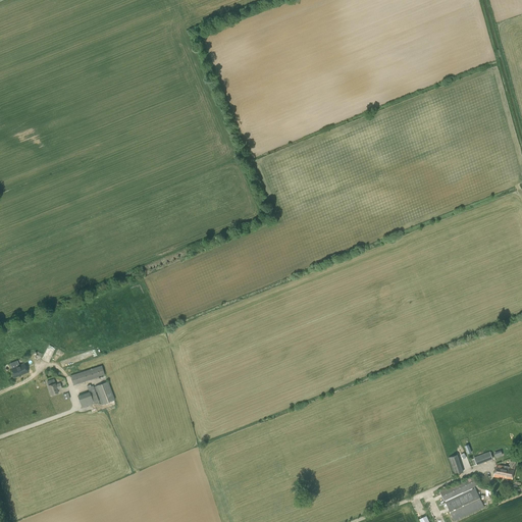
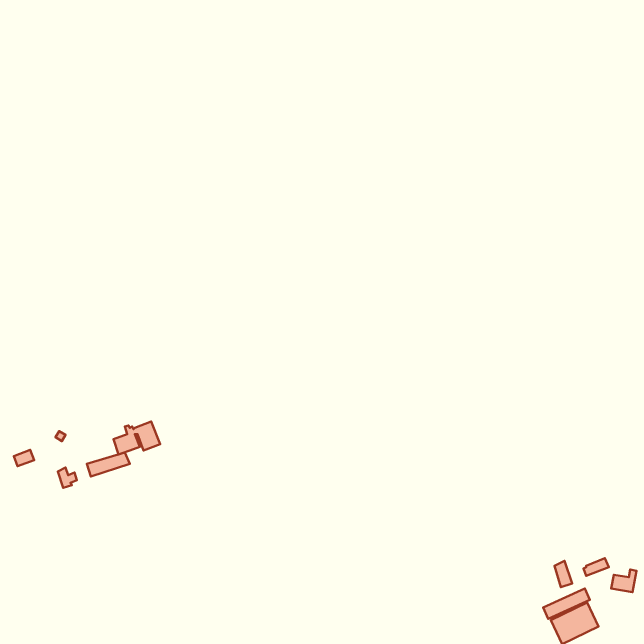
building: [77,381,115,408] -> [113,422,160,454]

